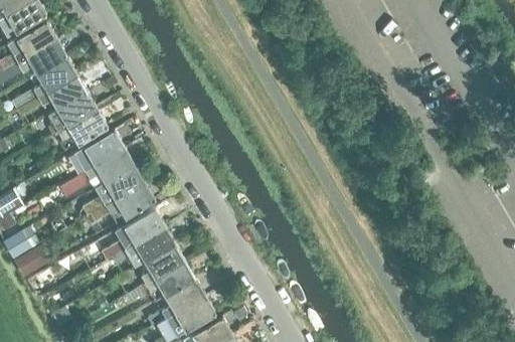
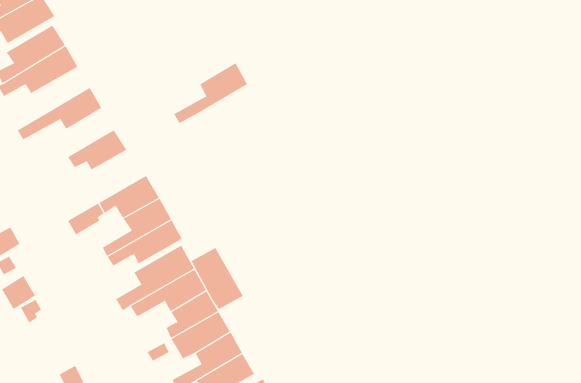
building: [11,57,77,111] -> none
building: [35,92,98,143] -> [173,62,248,124]
building: [79,129,125,171] -> none
building: none -> [191,247,243,310]

